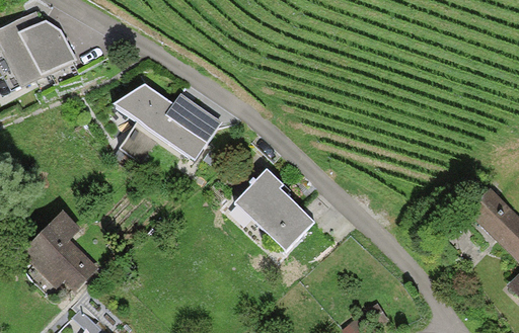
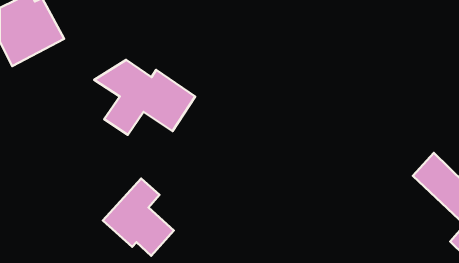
building: [234,172,315,252] -> none
building: [21,207,100,294] -> [103,178,174,256]

